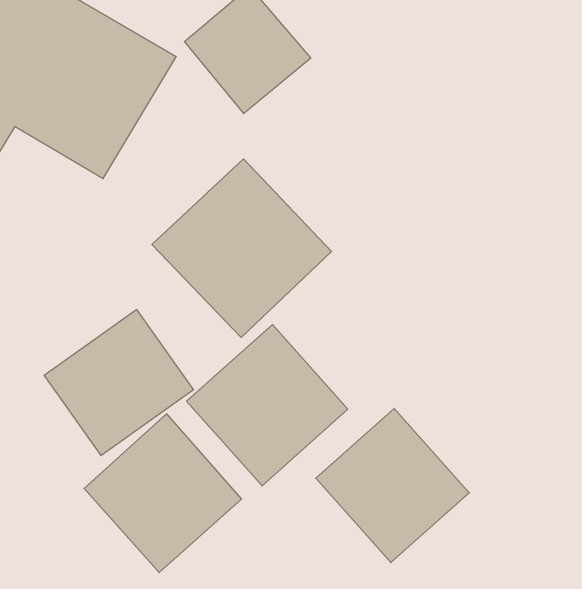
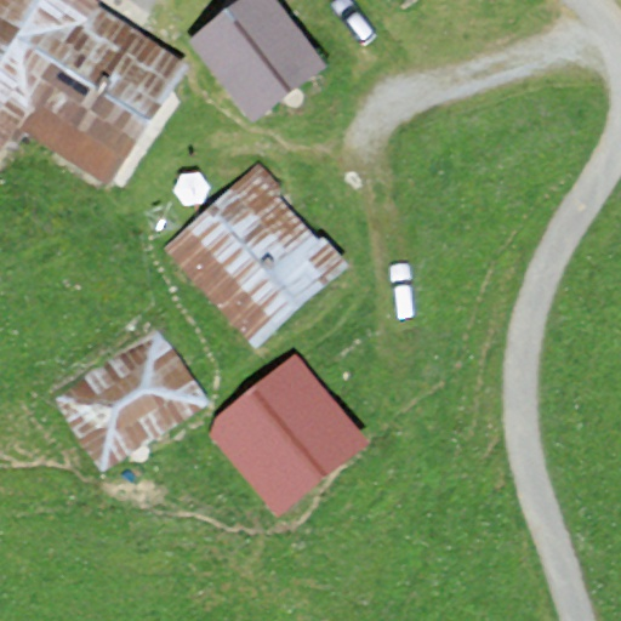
building: [316,408,469,563] -> none
building: [84,414,242,573] -> none

